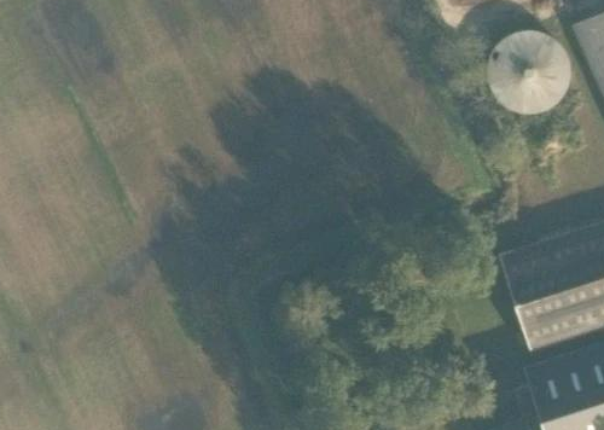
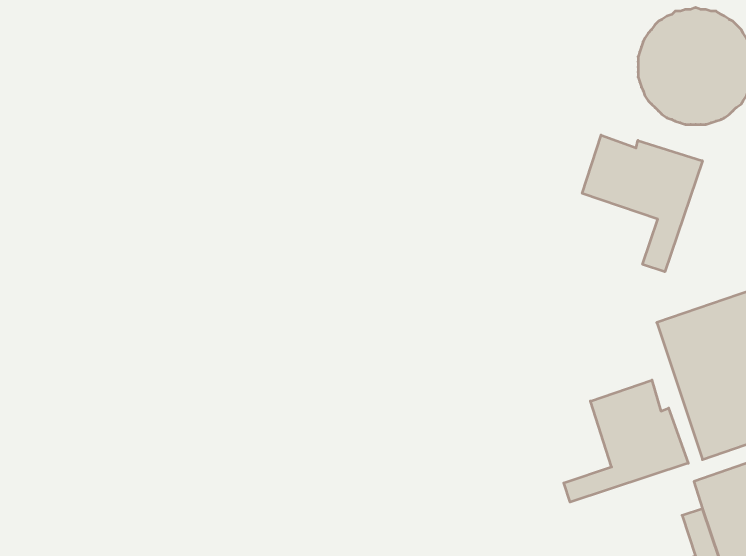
building: none -> [582,135,702,272]
building: none -> [564,380,688,502]

